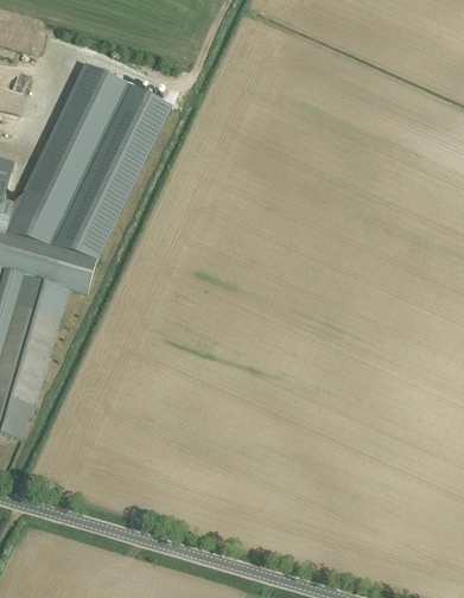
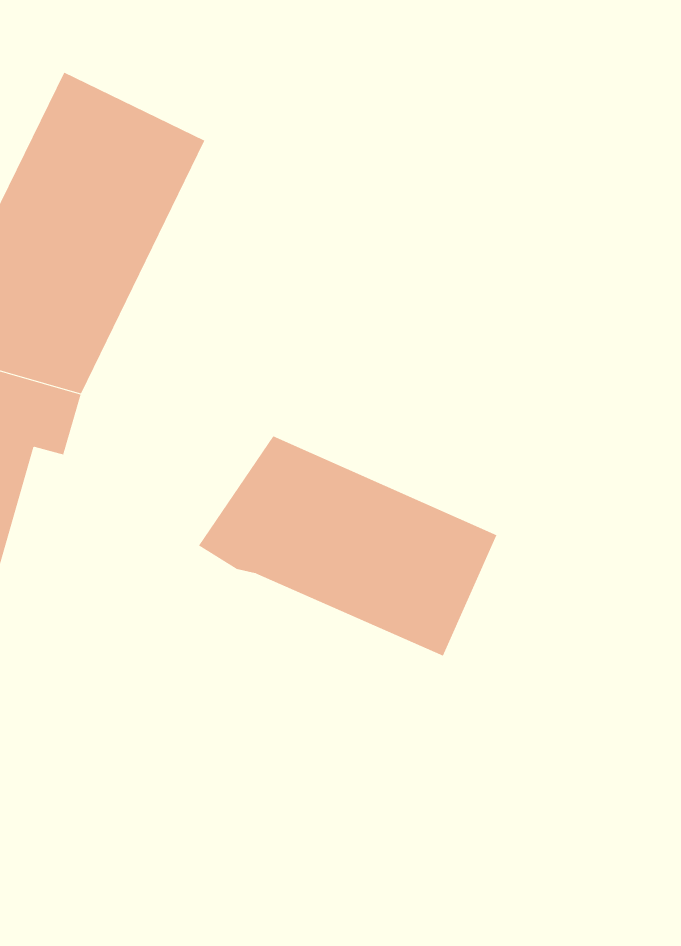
building: none -> [198,436,497,656]

